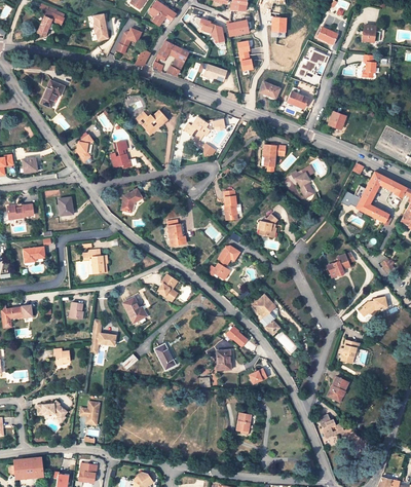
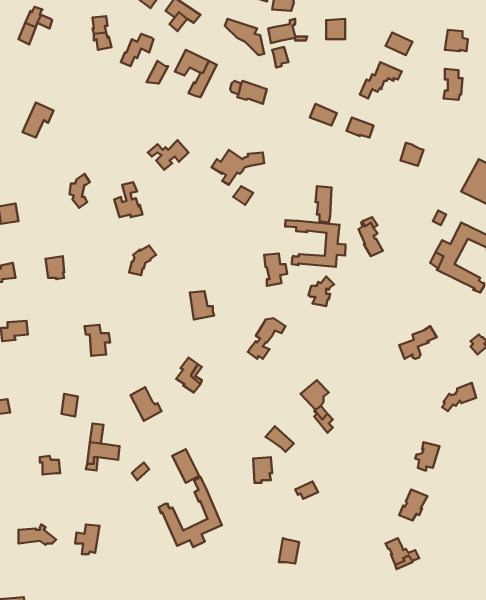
building: none -> [285,220,346,267]
building: none -> [159,477,222,547]

